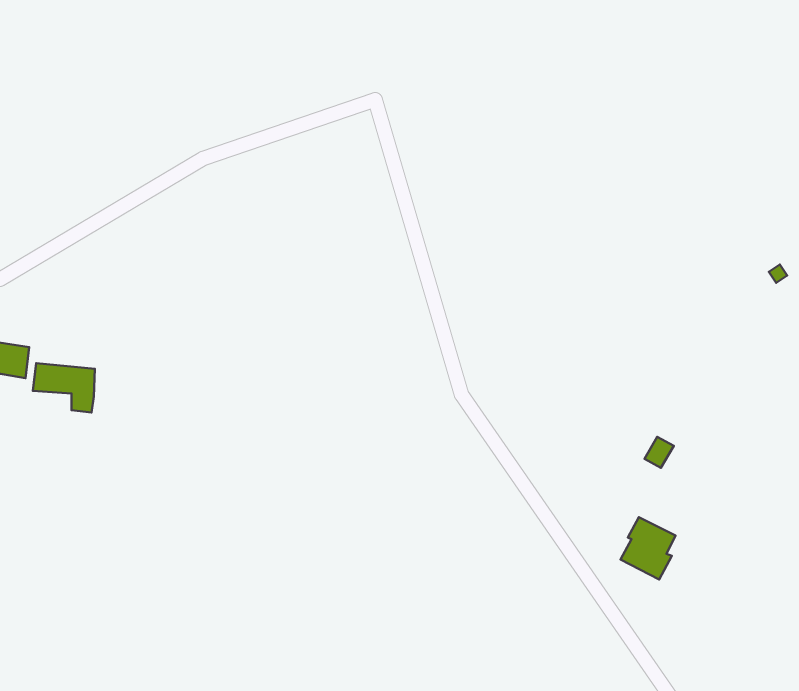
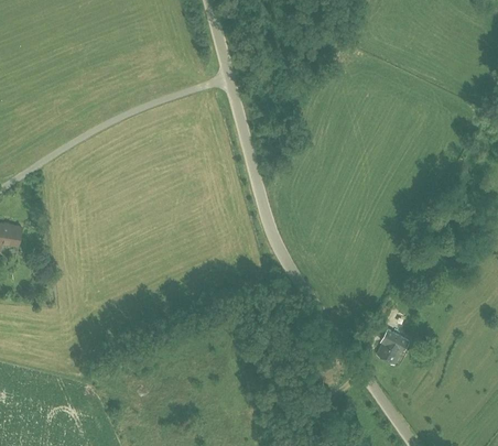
building: [33,363,95,413] -> none

